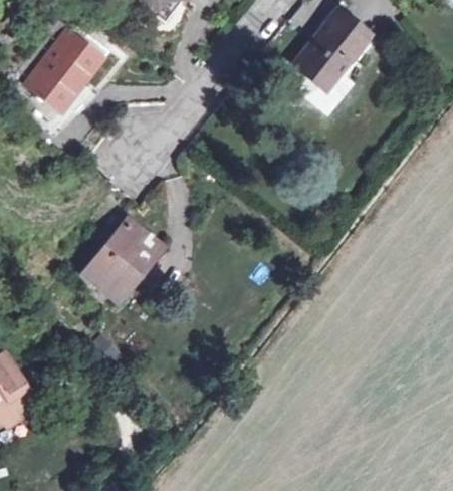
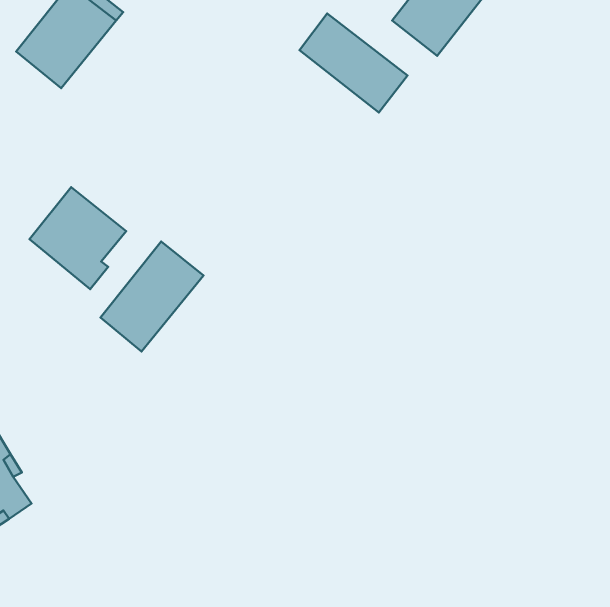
building: none -> [300,14,408,112]
building: none -> [30,187,126,289]

